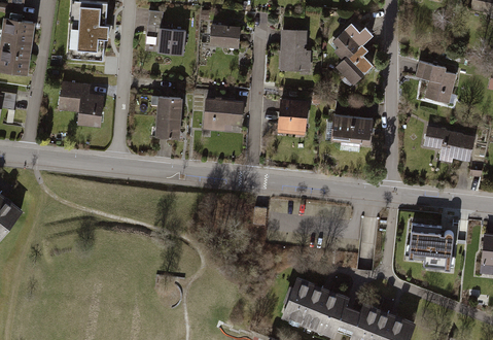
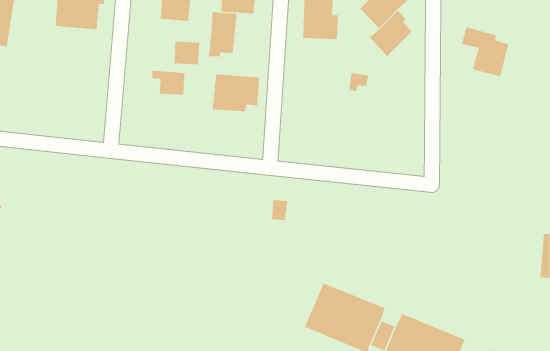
building: none -> [208,11,237,57]
building: [58,80,105,128] -> none
building: [275,96,307,129] -> none
building: [329,114,371,143] -> none
building: [155,116,178,137] -> [174,41,200,65]
building: [422,124,473,162] -> none
building: [407,223,452,269] -> none

